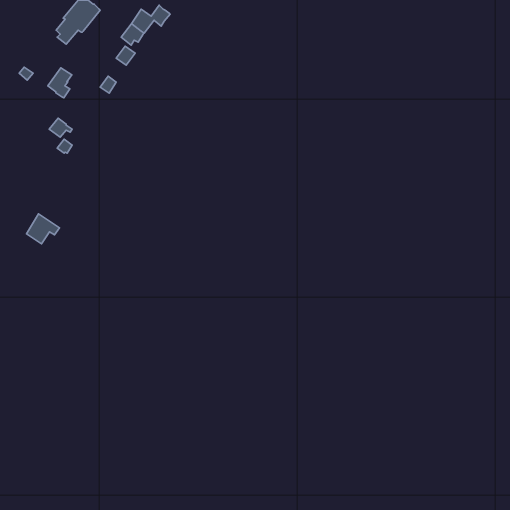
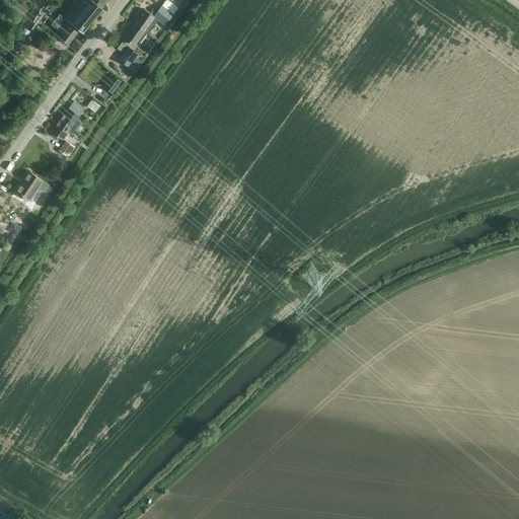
building: [48,68,72,98] -> [59,102,83,133]
building: [27,214,60,244] -> [14,171,48,202]

